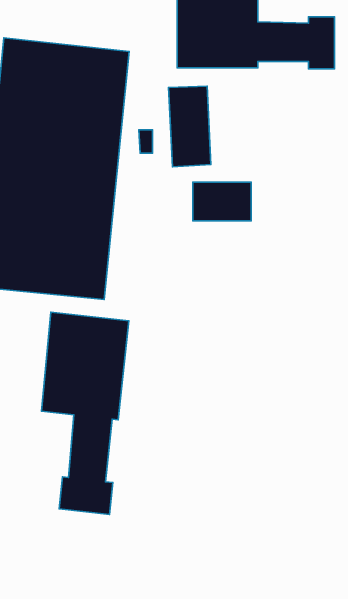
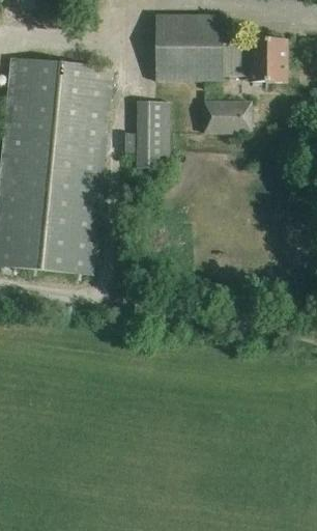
building: [193,182,251,221] -> [203,101,252,133]
building: [42,312,129,514] -> none

